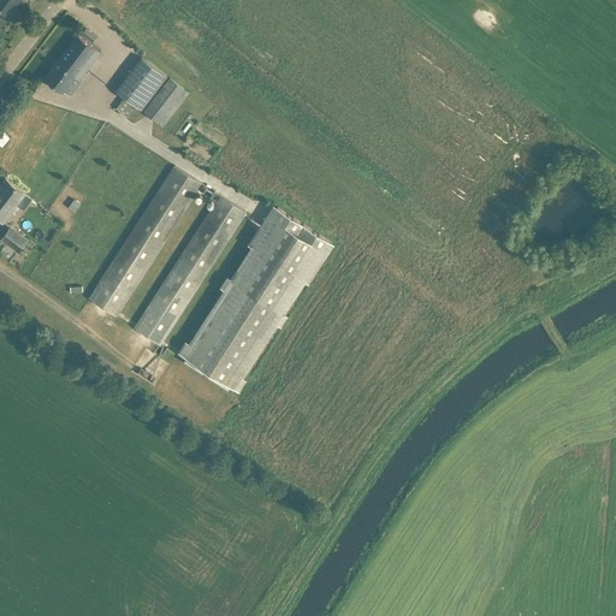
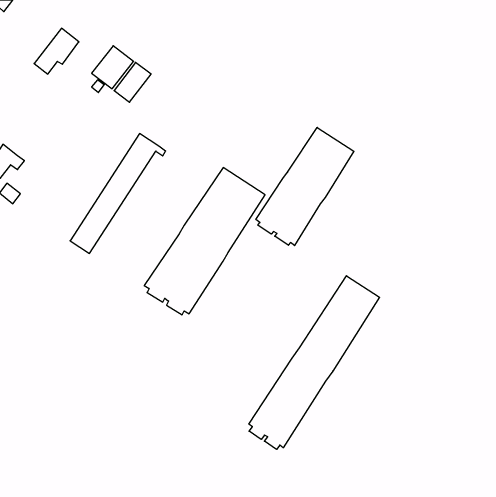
building: none -> [256,127,354,246]
building: [131,191,243,345] -> none
building: none -> [249,276,380,449]

